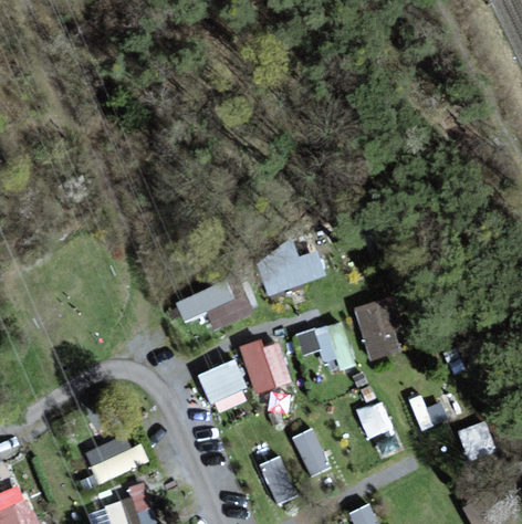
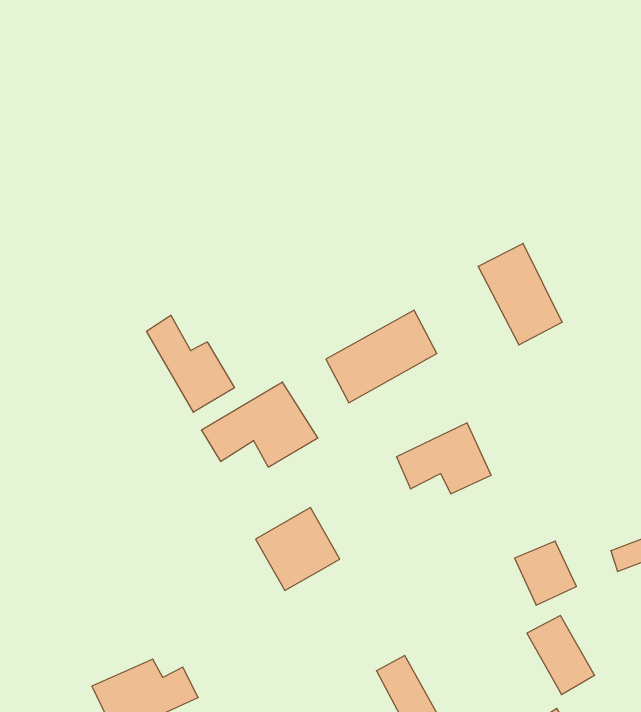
building: none -> [147,315,234,412]
building: [352,298,398,360] -> [478,243,562,345]
building: [240,338,291,395] -> none
building: [292,428,330,476] -> [527,615,595,695]

